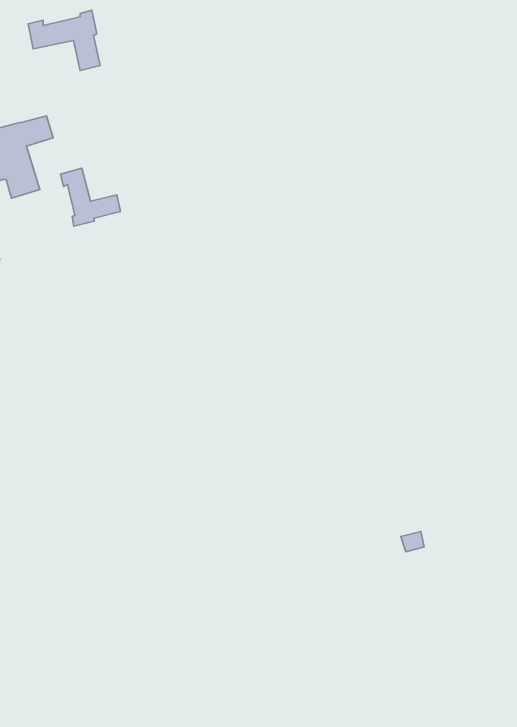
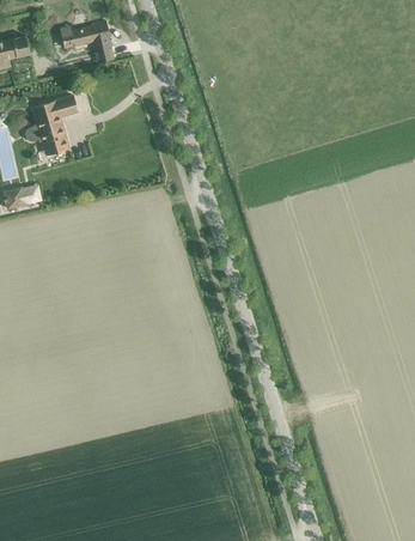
building: [60,168,120,226] -> none

